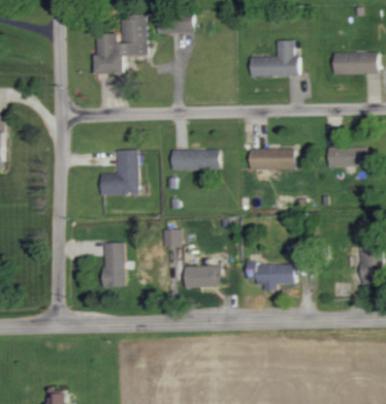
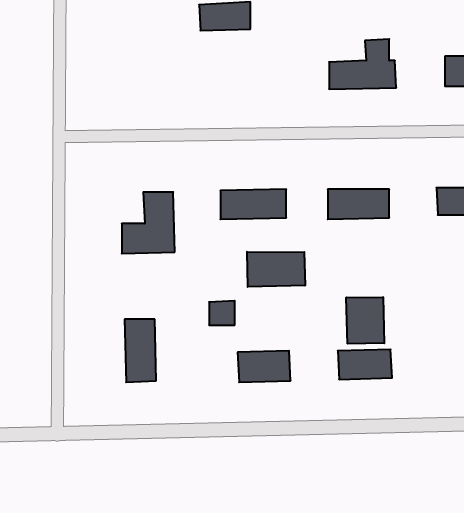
building: [96,17,148,72] -> none
building: none -> [247,252,305,287]
building: none -> [346,297,384,344]

